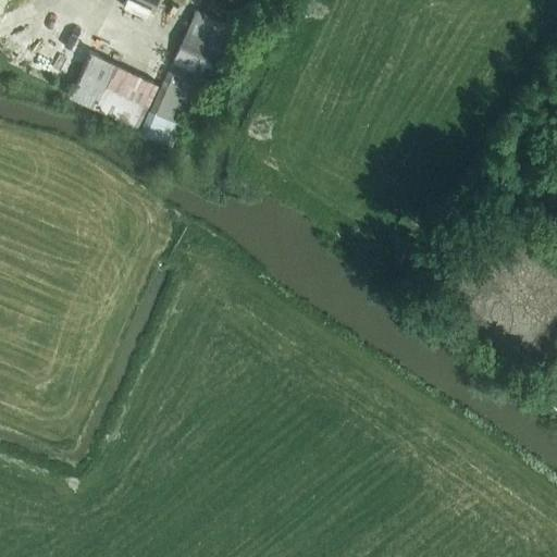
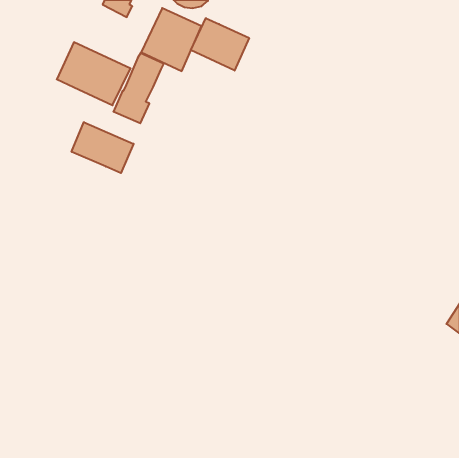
building: none -> [191,18,249,71]
building: none -> [72,122,134,173]

